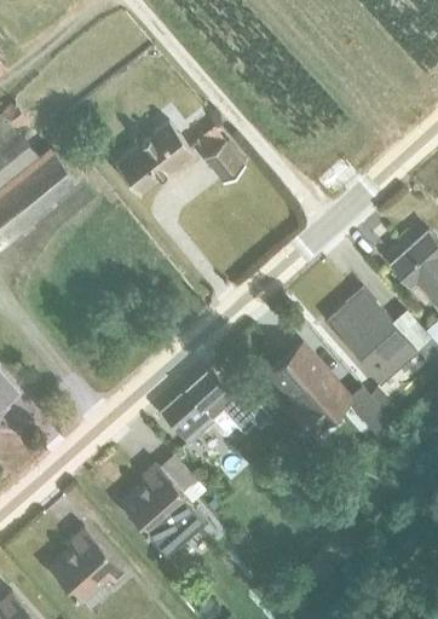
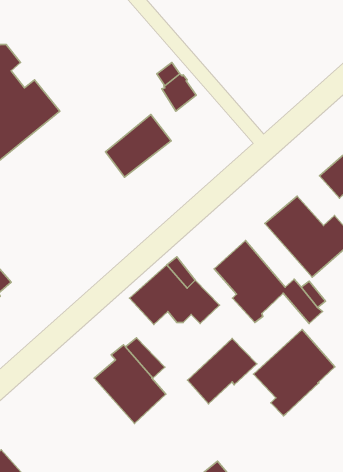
building: [111,122,190,197] -> [105,114,171,177]
building: none -> [254,330,335,416]
building: none -> [187,339,257,404]
building: [45,528,123,606] -> none

